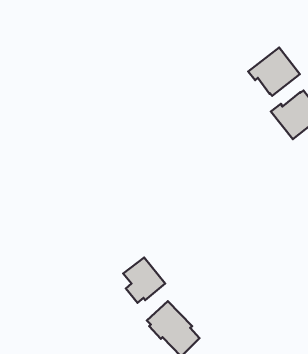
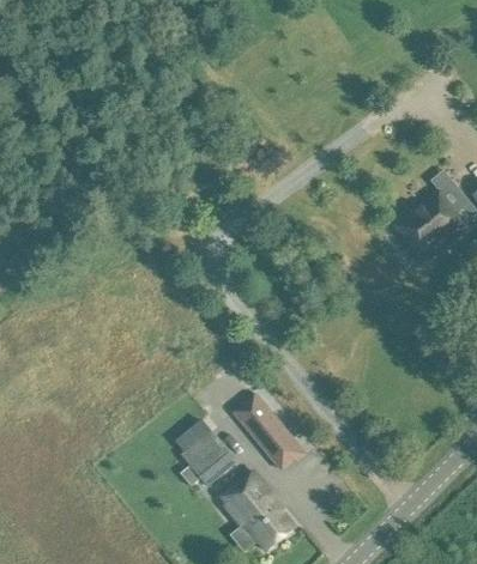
building: [248,48,300,96] -> none
building: none -> [231,389,303,465]

